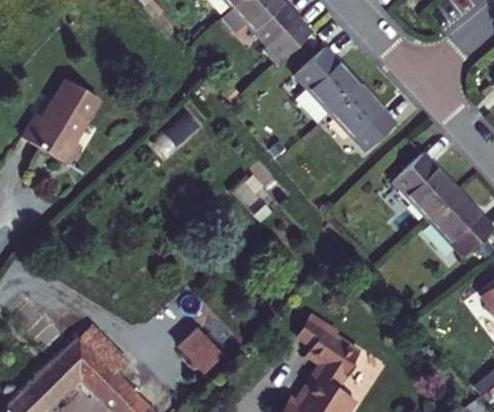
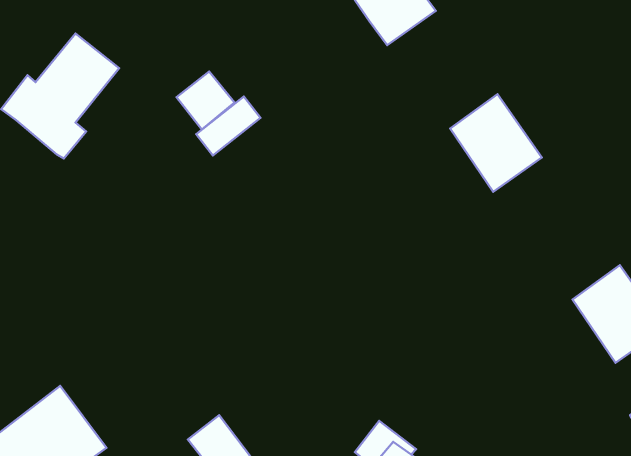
building: [299,50,362,114] -> none
building: none -> [176,72,234,130]
building: [395,156,460,221] -> none

